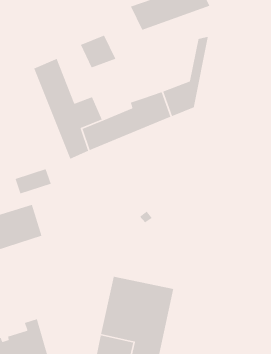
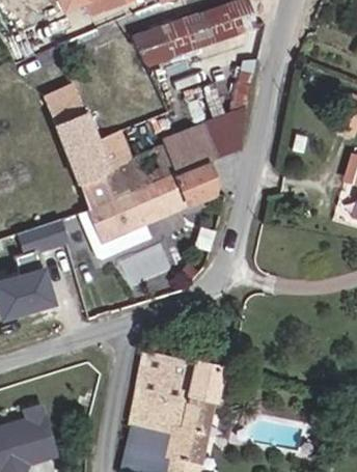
building: [80,34,116,68] -> [133,23,177,64]
building: none -> [80,160,219,260]

